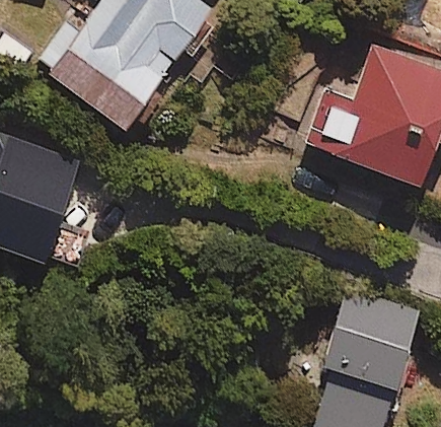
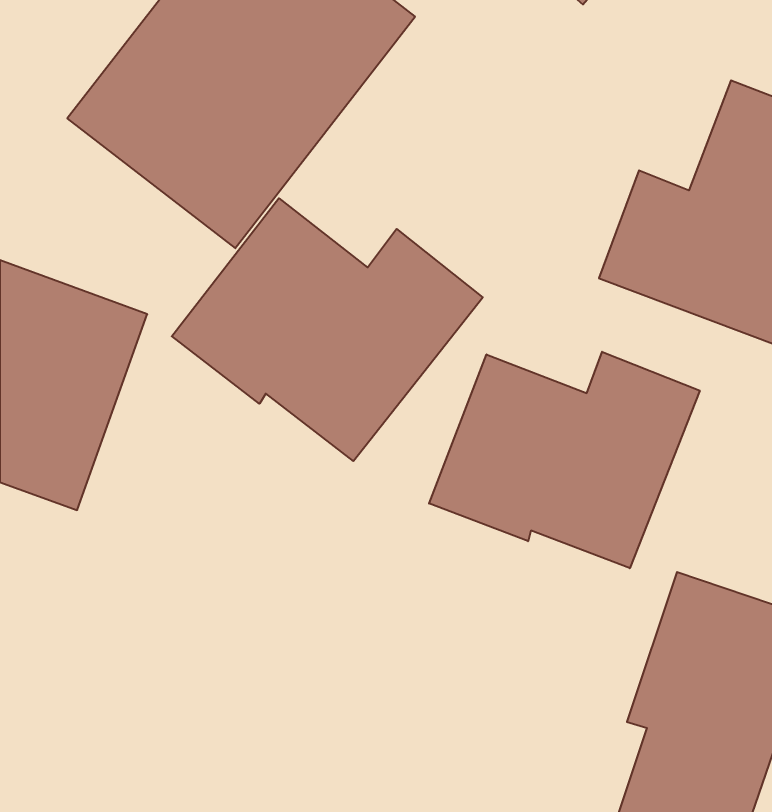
building: none -> [172,198,483,461]
building: none -> [429,352,700,568]

